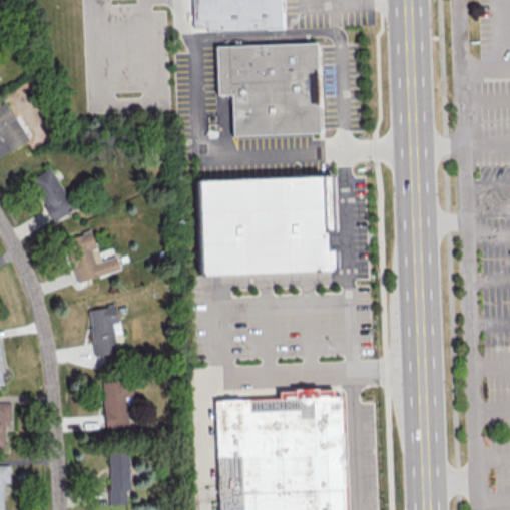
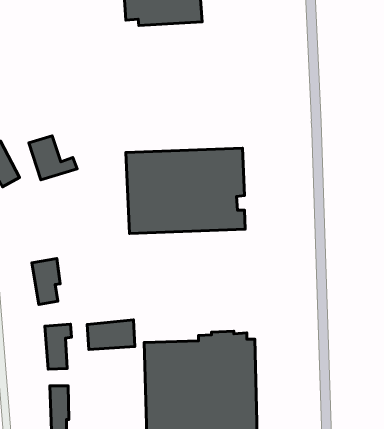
building: [217,44,323,138] -> none
building: [64,230,120,282] -> [29,136,77,180]
building: none -> [87,320,135,350]

